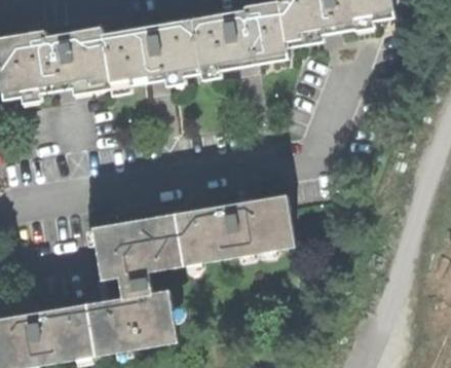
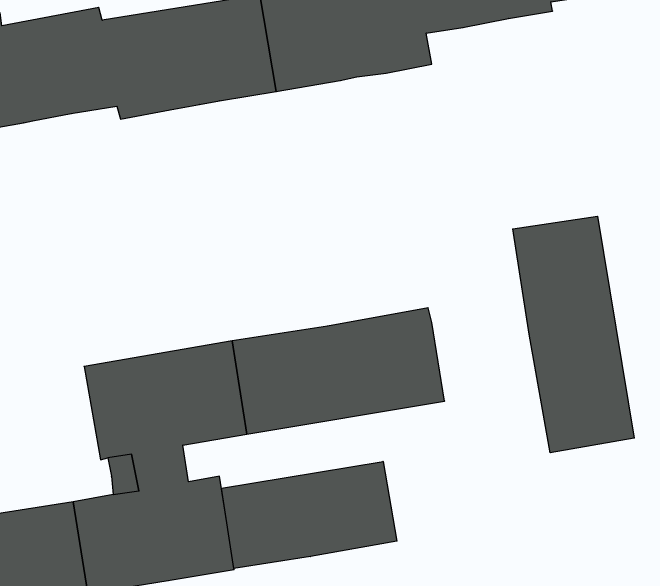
building: none -> [513,216,634,453]
building: none -> [222,461,397,569]

